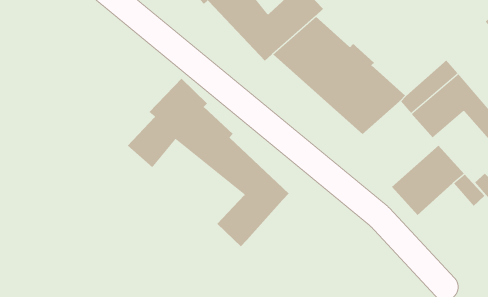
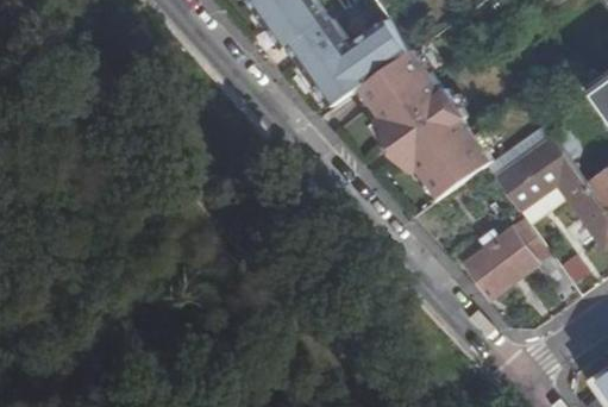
building: [127,78,289,247] -> none

